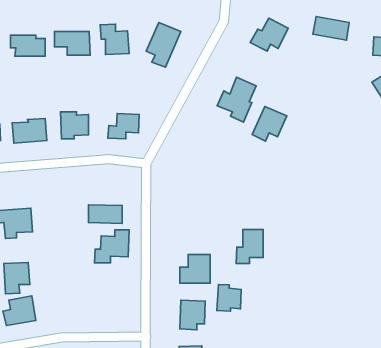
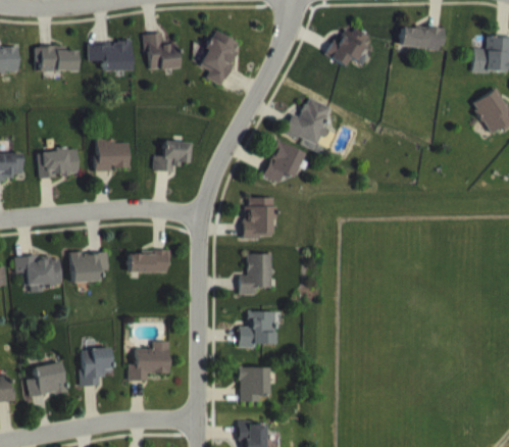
building: [252,107,287,141] -> [262,141,304,183]
building: none -> [244,197,274,238]
building: none -> [70,252,108,282]
building: [236,230,263,263] -> [239,254,271,295]
building: [94,230,129,263] -> [128,341,169,381]
building: [4,263,30,294] -> [80,348,111,386]
building: [217,284,241,311] -> none

